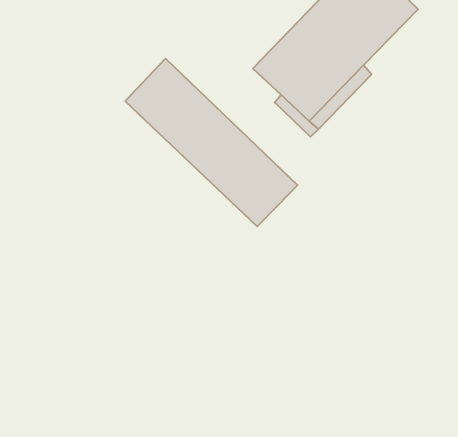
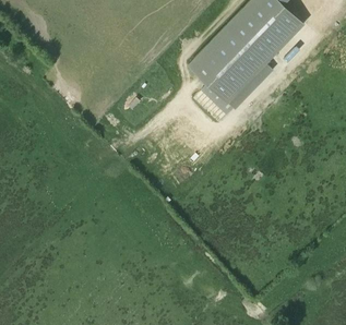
building: [125,59,298,226] -> none

